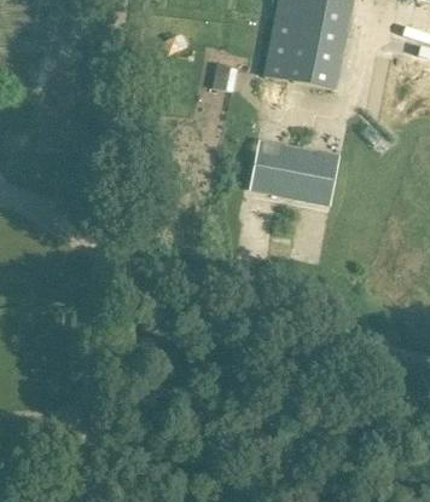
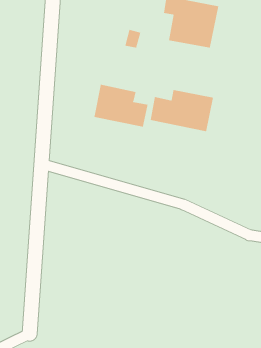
building: none -> [94,84,148,127]

